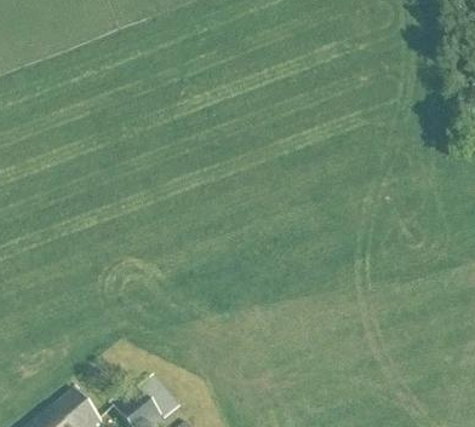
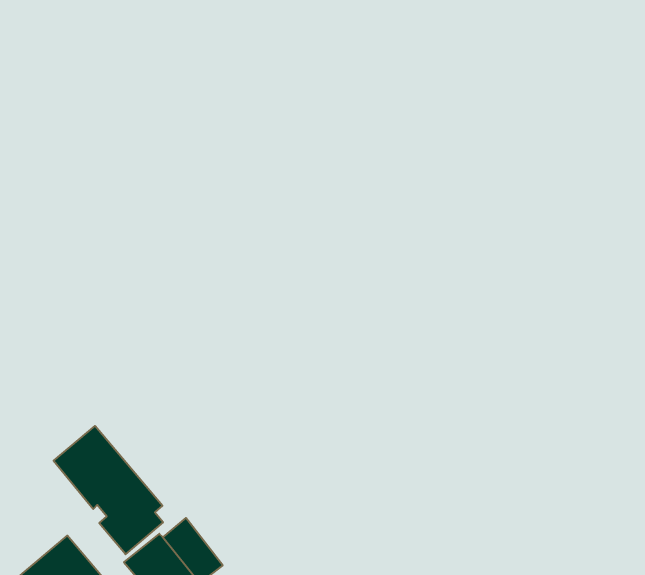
building: none -> [54,426,163,554]

